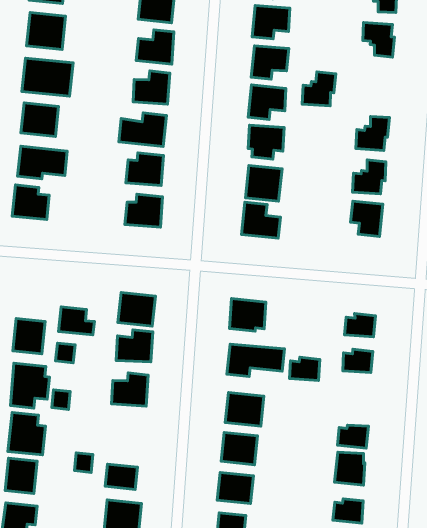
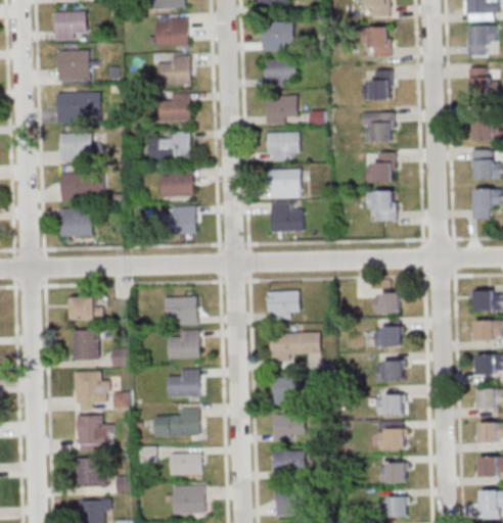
building: [302,72,336,106] -> [363,69,392,100]
building: [59,307,94,335] -> [71,296,102,319]
building: [290,357,320,381] -> [376,361,404,381]
building: none -> [154,408,199,436]

